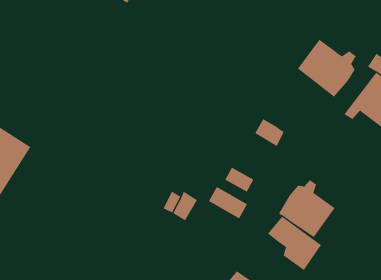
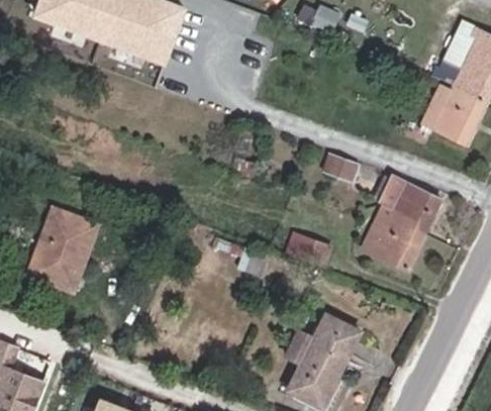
building: [297,39,357,97] -> none
building: [267,216,322,271] -> [376,183,435,236]

